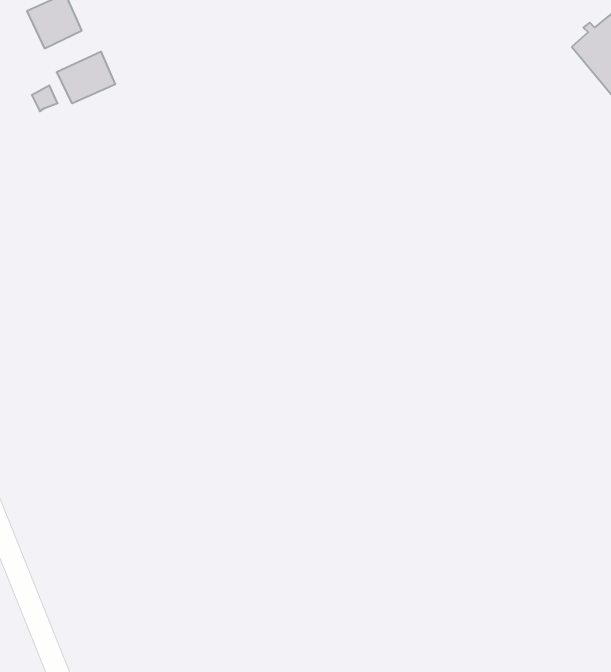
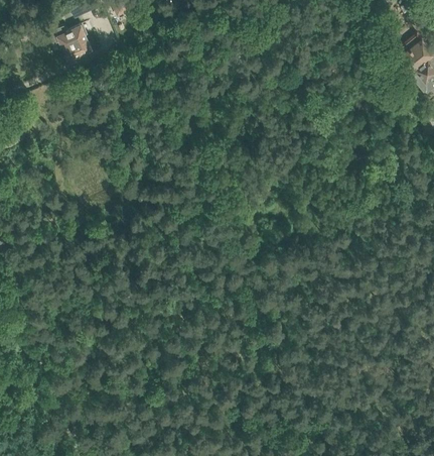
building: [57,52,115,103] -> none

